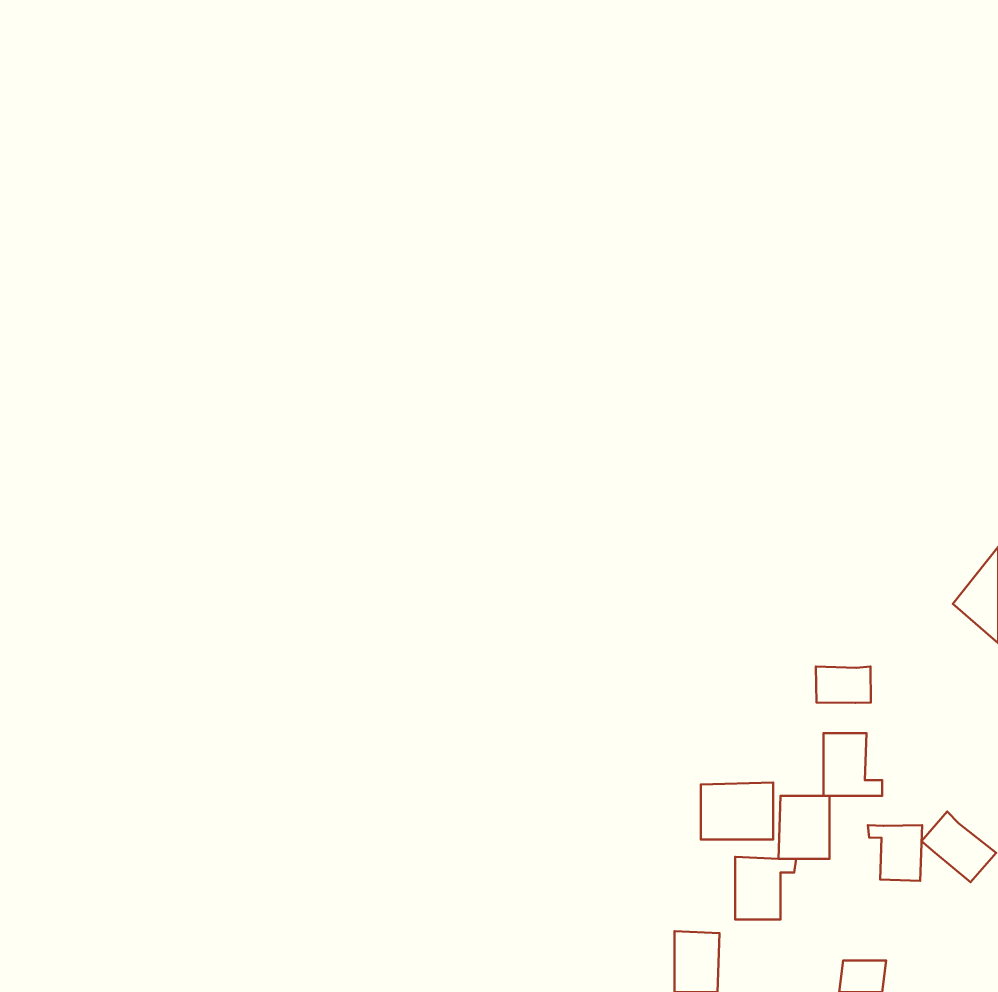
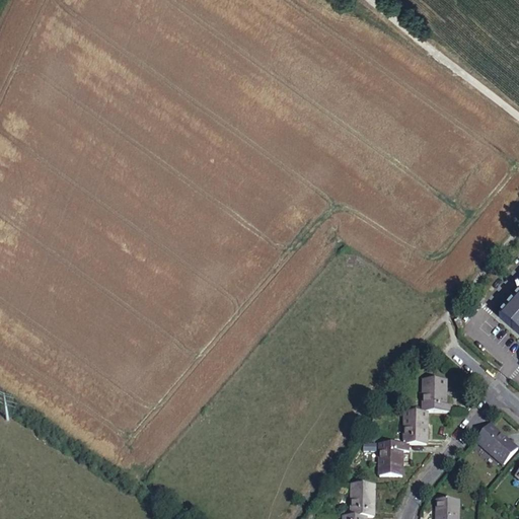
building: [816,666,871,703] -> none
building: [701,782,773,839] -> none
building: [868,825,922,881] -> none

